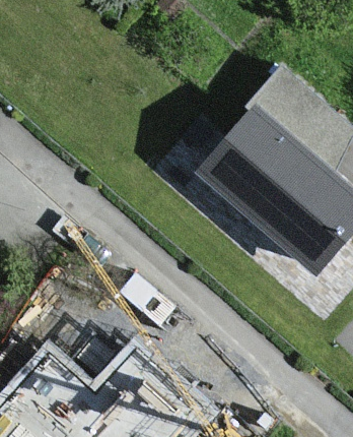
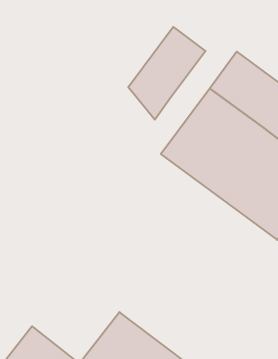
building: none -> [128,27,206,120]

